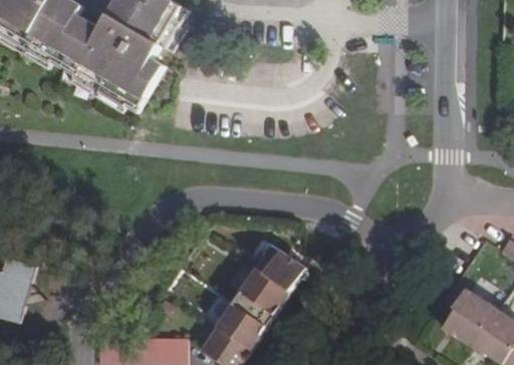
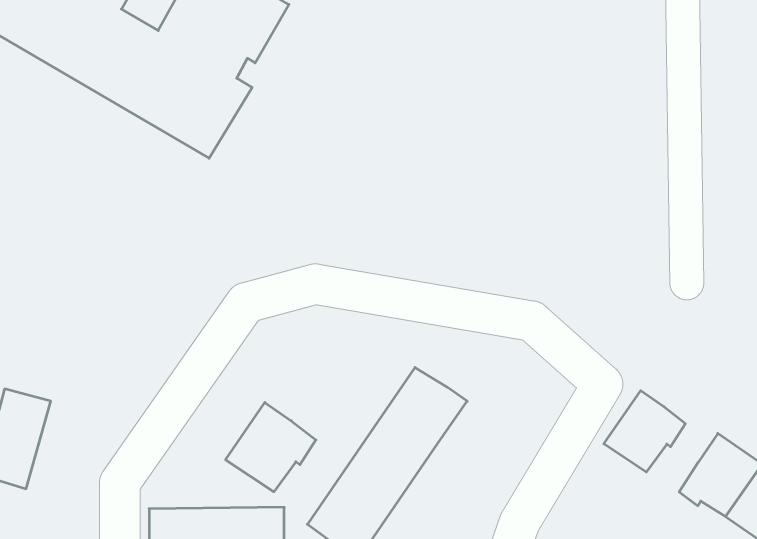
building: none -> [604,391,685,472]
building: none -> [226,402,316,492]

